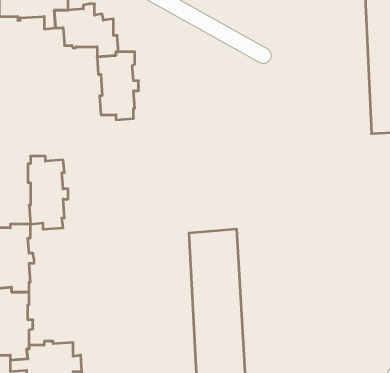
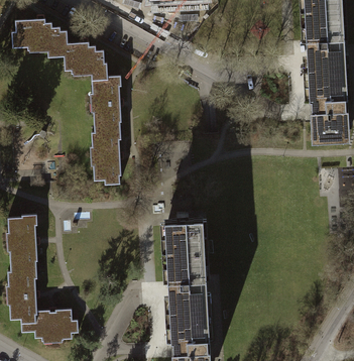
building: [28,156,68,229] -> [91,126,123,185]

